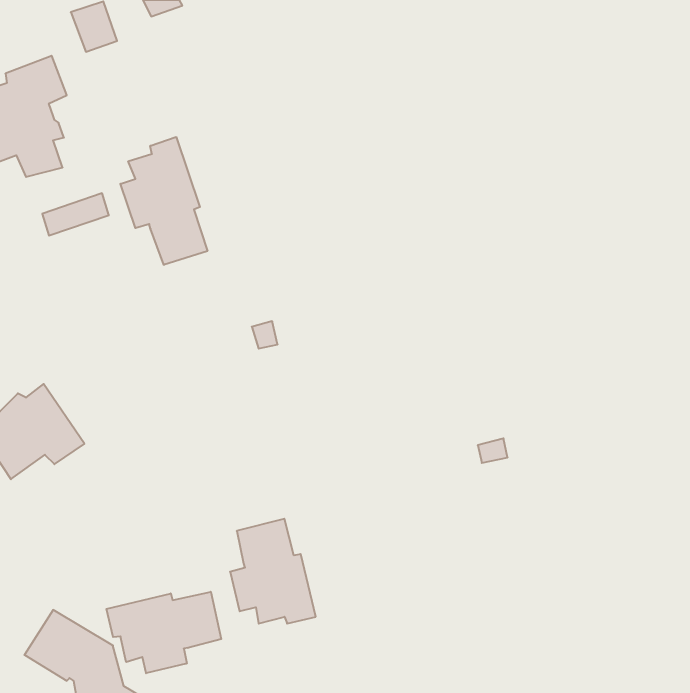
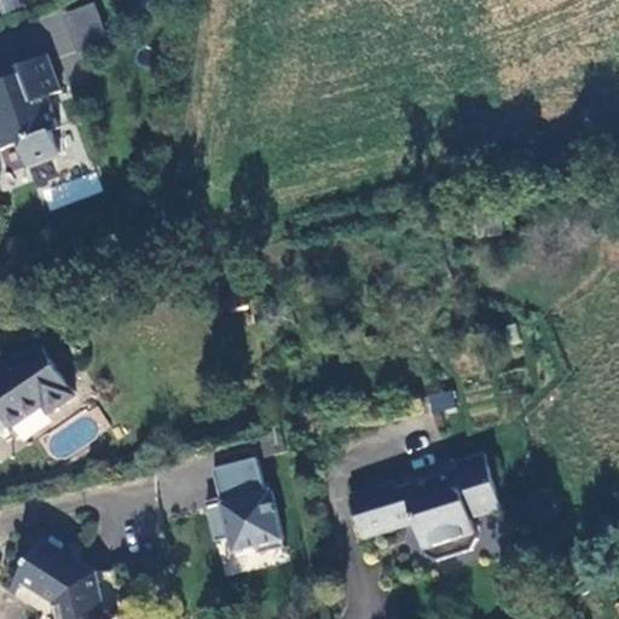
building: [120,137,207,265] -> none
building: none -> [348,453,499,560]
building: [106,592,221,673] -> none

